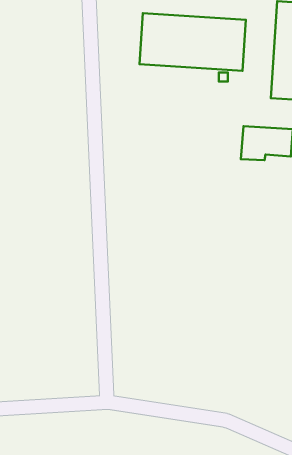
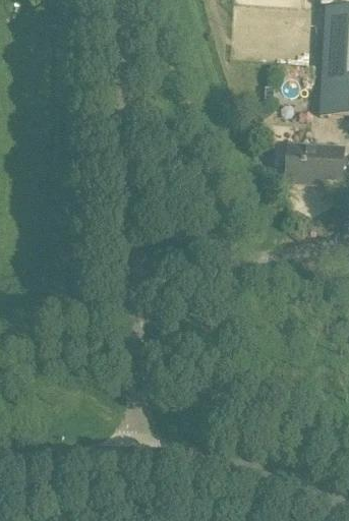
building: [140,13,246,71] -> none

